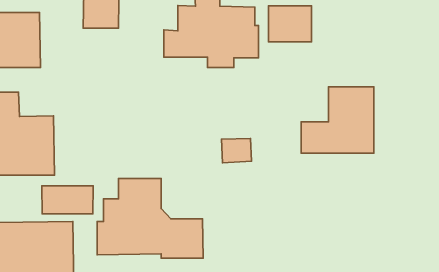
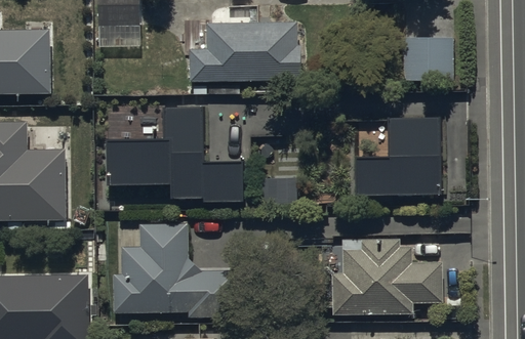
building: [268,6,311,42] -> [403,37,453,79]
building: none -> [105,107,242,202]
building: [42,186,93,214] -> none
building: none -> [333,238,442,315]

